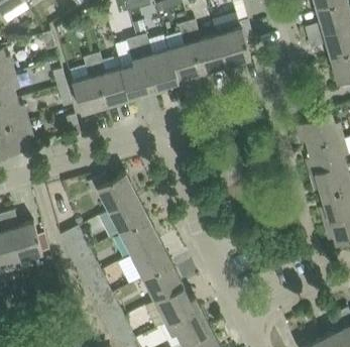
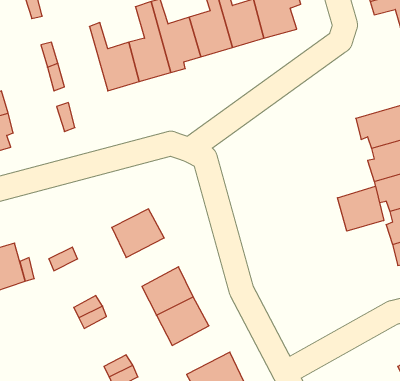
building: [72,55,105,112] -> none
building: [87,172,136,210] -> none
building: none -> [337,186,384,231]
building: [119,218,159,255] -> none
building: [154,285,199,323] -> none

